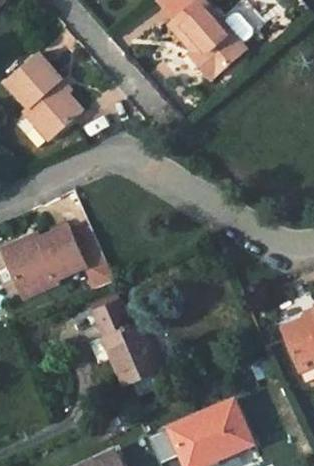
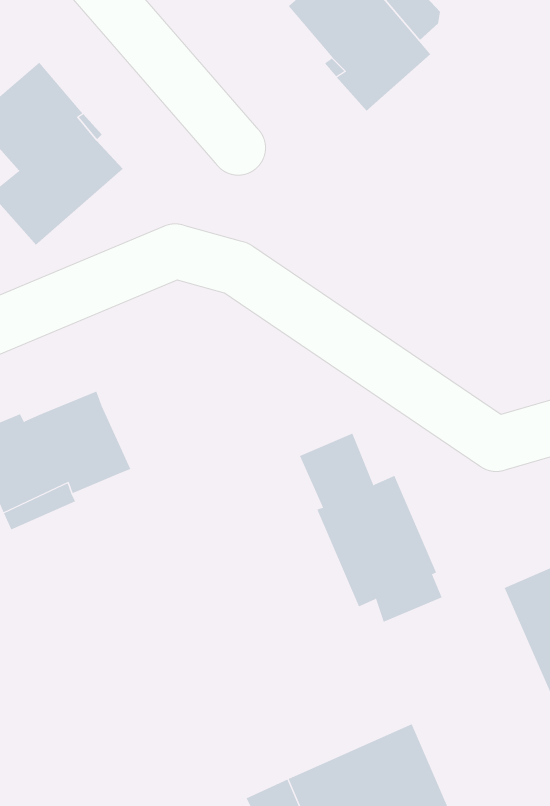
building: [71,224,114,289] -> none
building: [92,296,167,395] -> [299,433,443,622]

